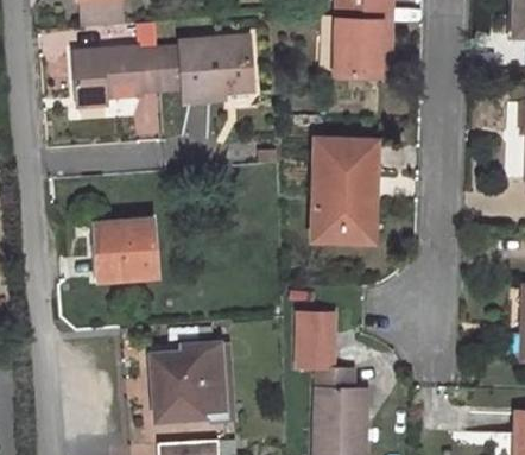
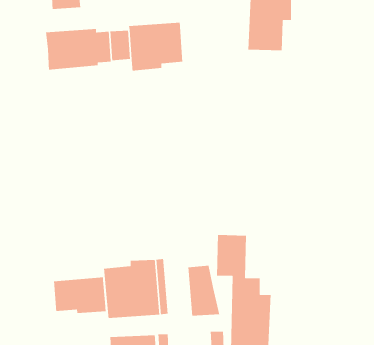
building: [316,138,378,239] -> none
building: [97,221,157,278] -> none
building: none -> [187,265,220,316]
building: none -> [53,277,106,314]

